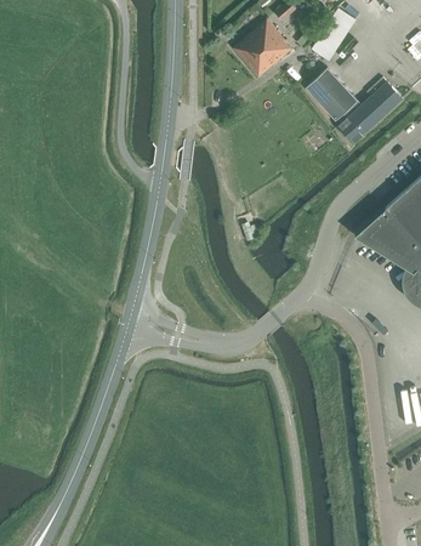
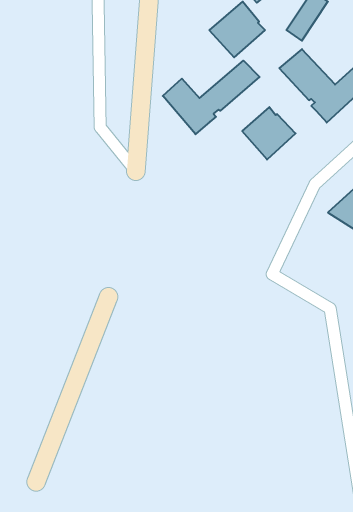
building: none -> [163,61,260,134]
building: none -> [242,107,296,160]

